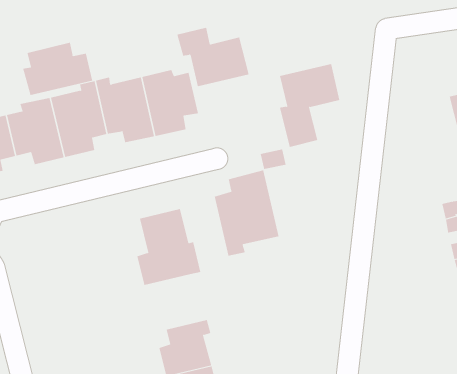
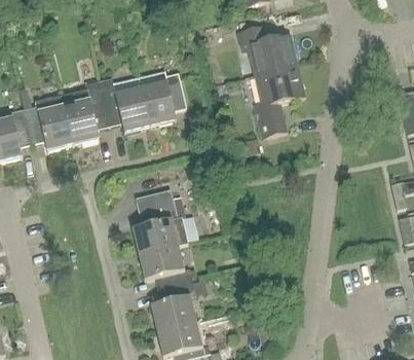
building: [176,27,250,87] -> [236,26,298,76]
building: [22,42,93,96] -> none
building: [214,170,279,256] -> none
building: none -> [140,244,193,290]

